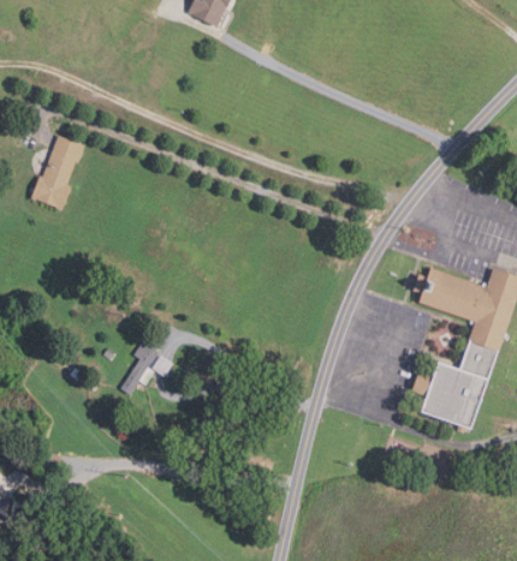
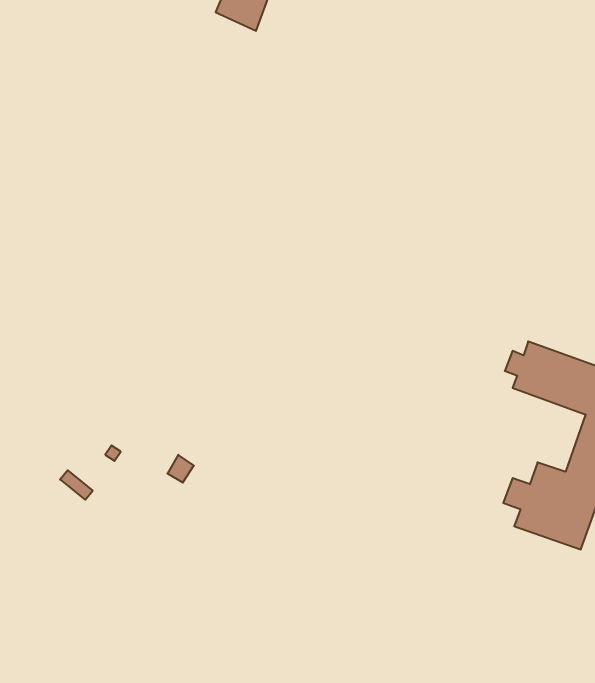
building: [31,135,85,210] -> none
building: [121,341,158,393] -> none

